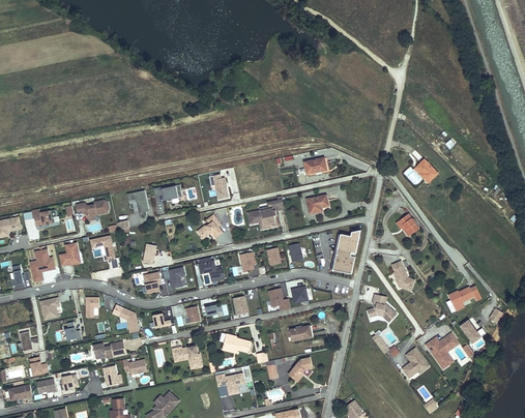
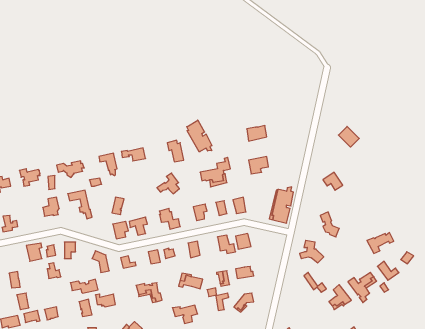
building: none -> [187,120,212,152]
building: [28,248,54,282] -> none

